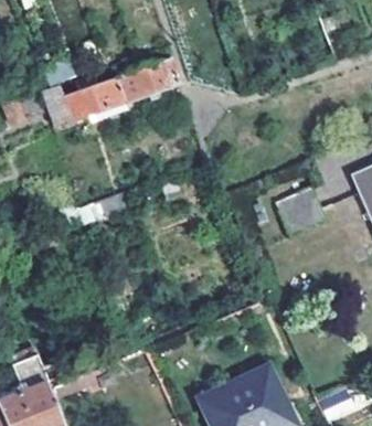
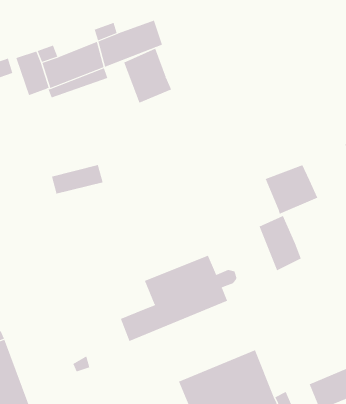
building: none -> [124,48,172,104]
building: none -> [259,215,301,271]
building: none -> [120,255,237,342]

